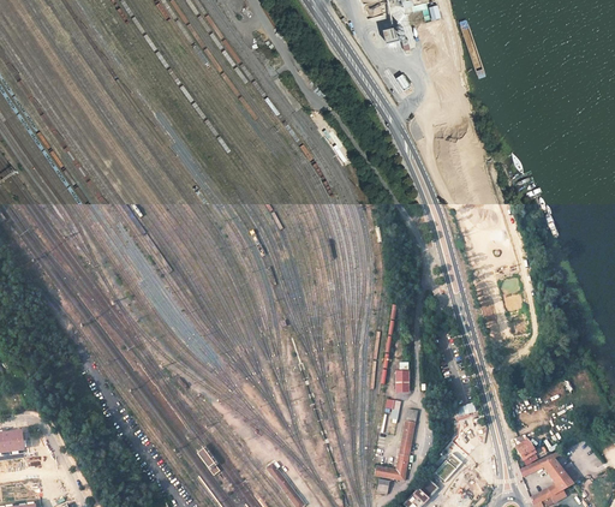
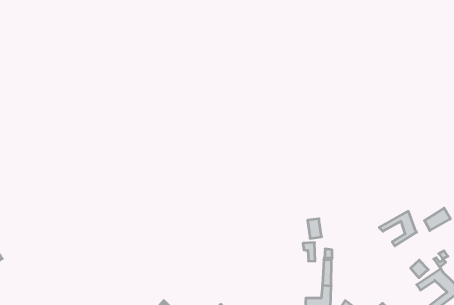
building: none -> [379,211,417,246]

